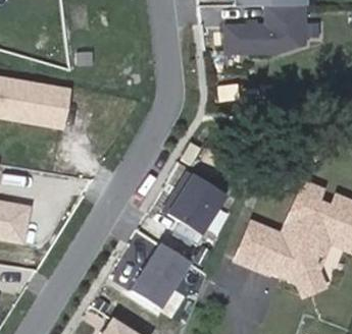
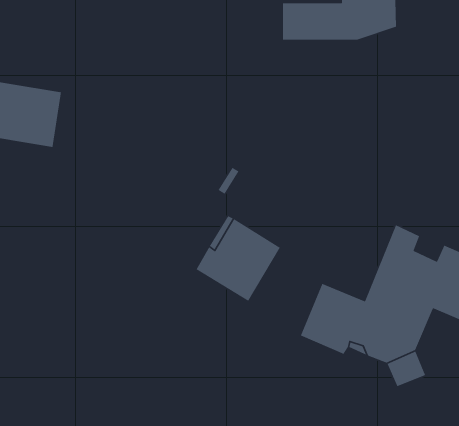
building: [134,245,191,310] -> none

